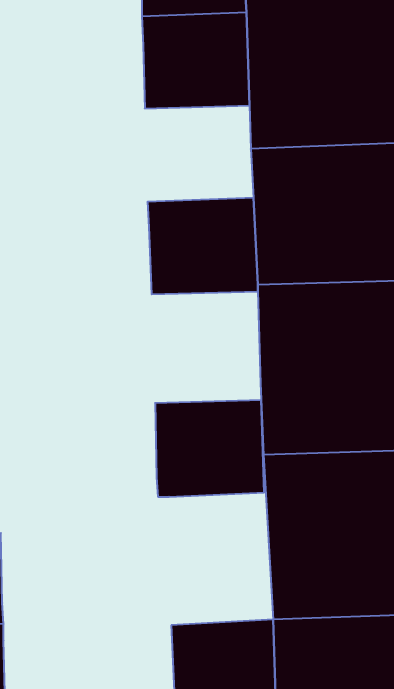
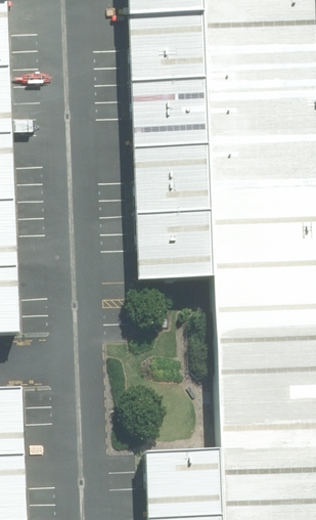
building: none -> [127,79,207,149]
building: [155,400,264,497] -> [132,215,212,286]

